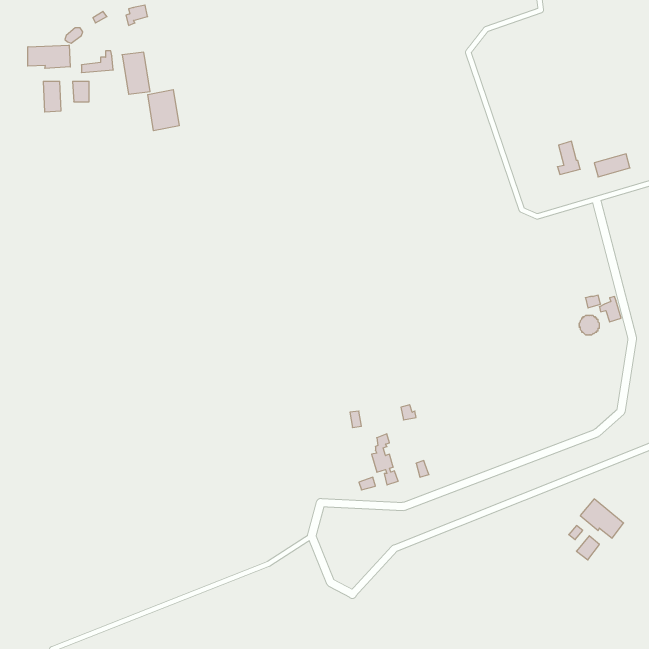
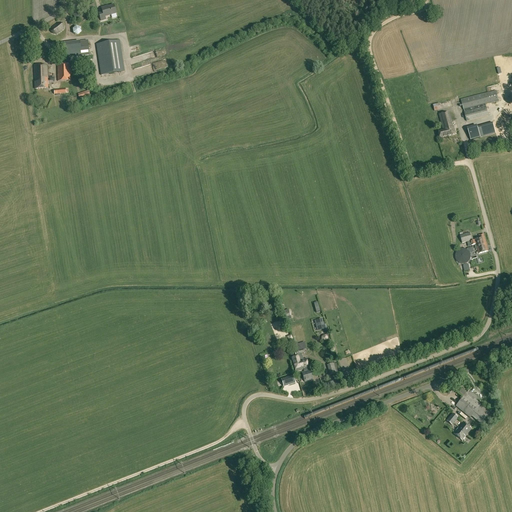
building: [28,45,70,68] -> none
building: [148,90,179,131] -> none
building: none -> [462,89,500,120]

